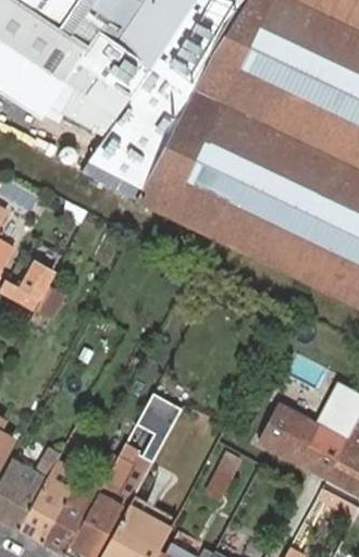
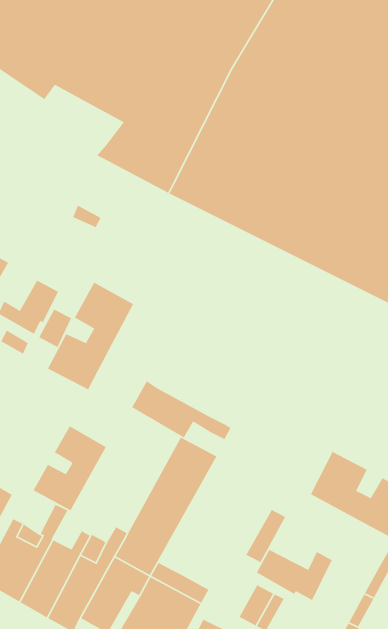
building: none -> [47,281,134,390]
building: none -> [131,380,232,440]
building: none -> [33,425,107,512]
building: none -> [256,549,333,601]

